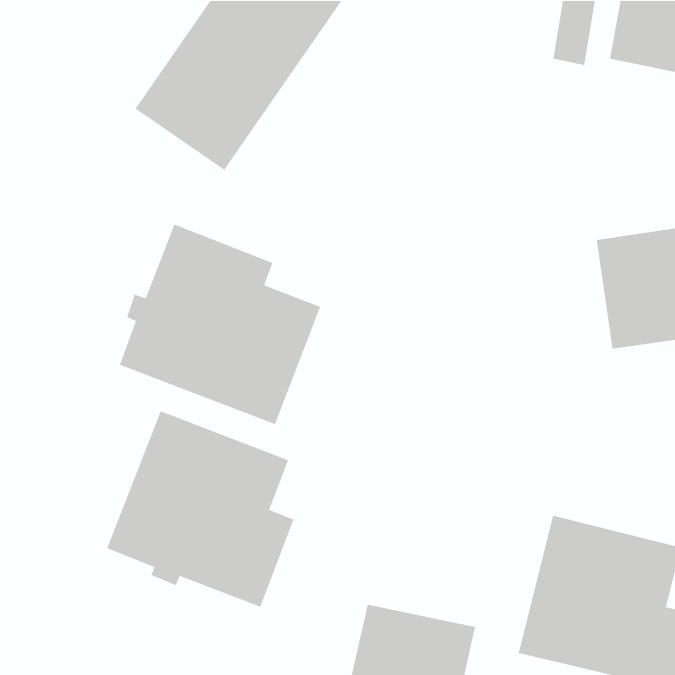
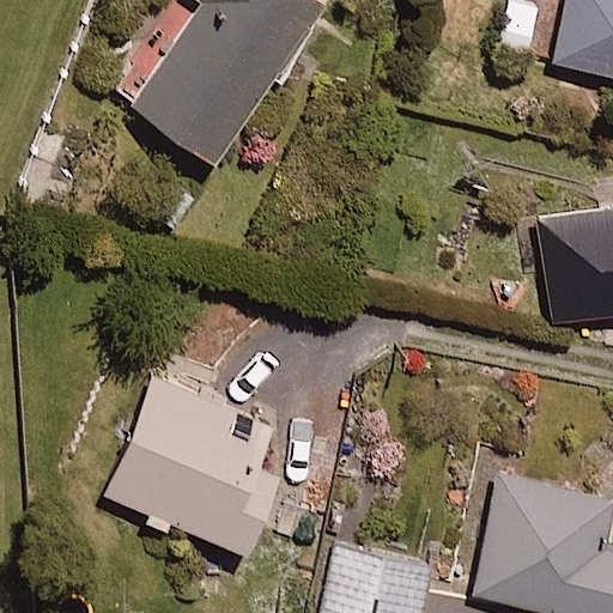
building: [119,223,321,425] -> none

